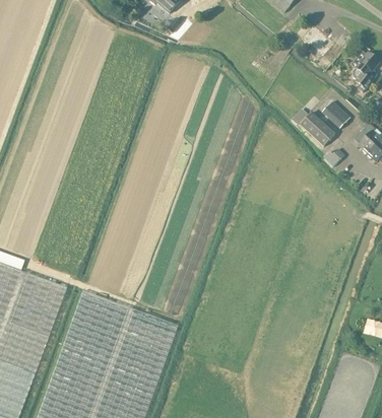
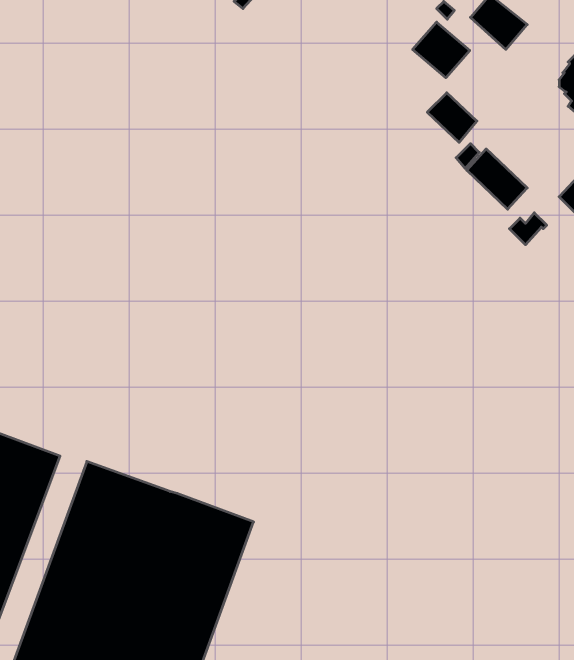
building: none -> [413,22,470,78]
building: [321,101,349,130] -> [427,93,477,142]

